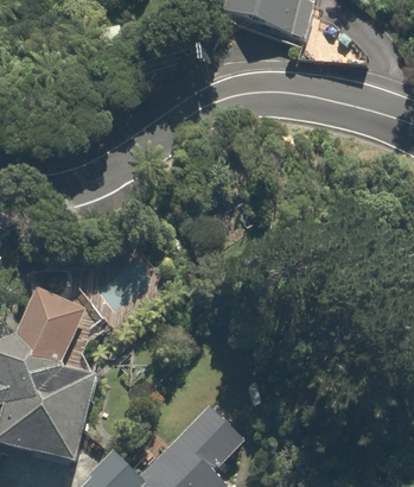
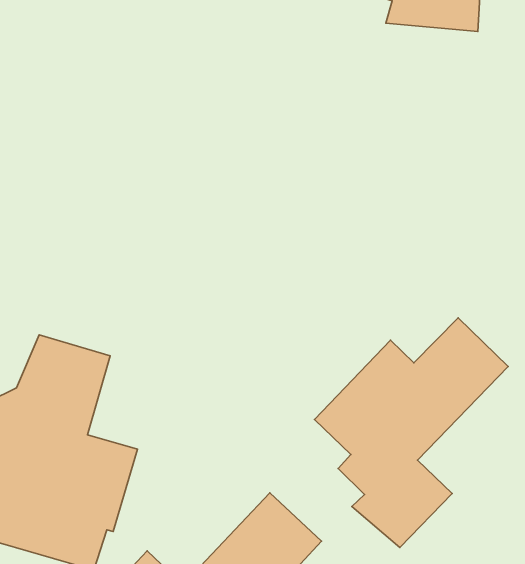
building: none -> [314,318,508,547]

